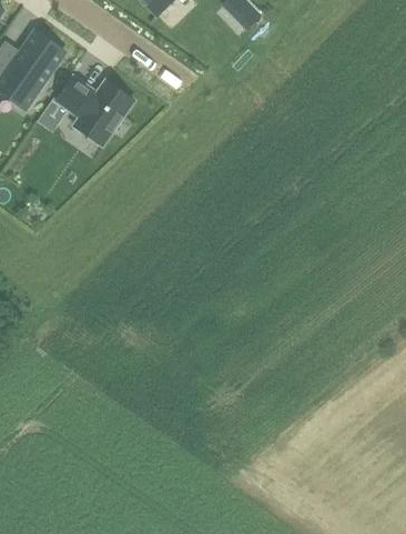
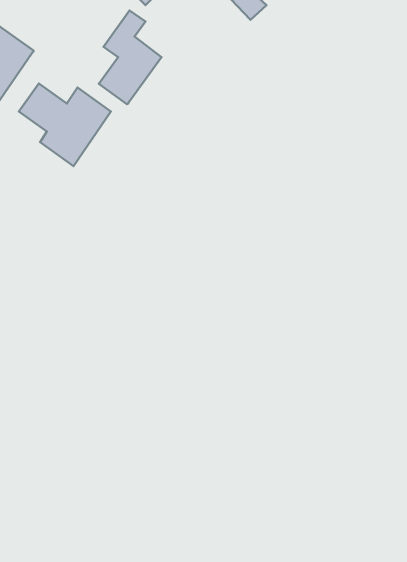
building: none -> [99,11,162,104]

